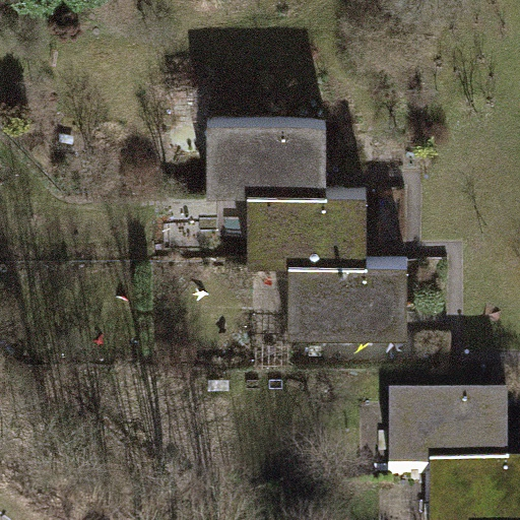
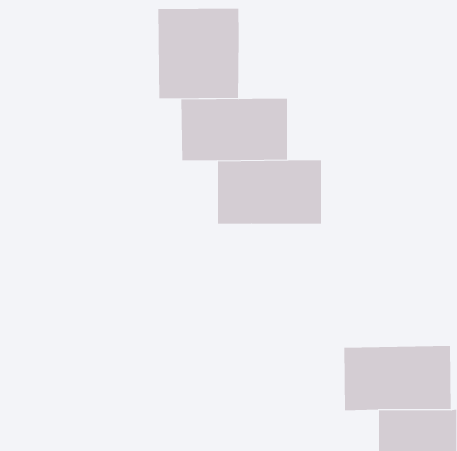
building: none -> [158,8,239,99]
building: [284,261,406,337] -> none

